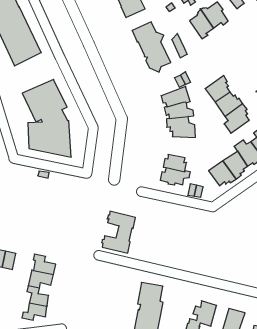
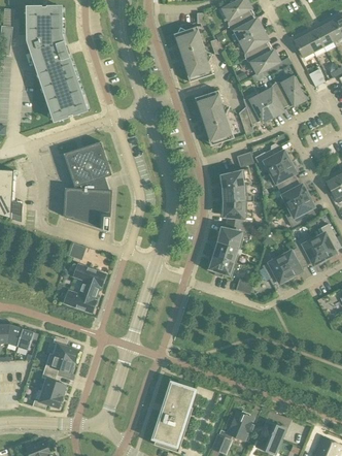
building: none -> [241,94,271,125]
building: none -> [253,143,290,172]
building: none -> [214,222,250,249]
building: [102,211,135,253] -> [63,263,104,313]

